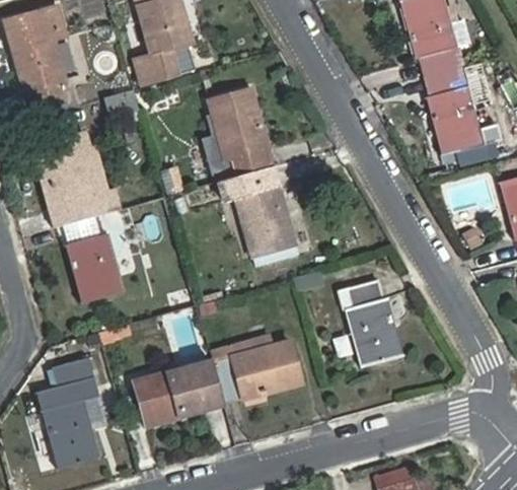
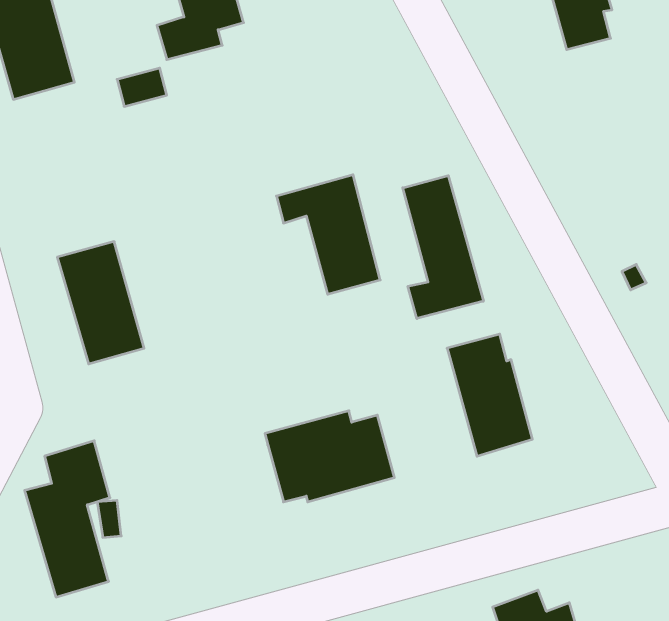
building: [425,69,483,155] -> none
building: [209,88,273,182] -> none
building: [33,133,120,227] -> none
building: none -> [403,176,483,319]
building: [134,359,224,425] -> none

